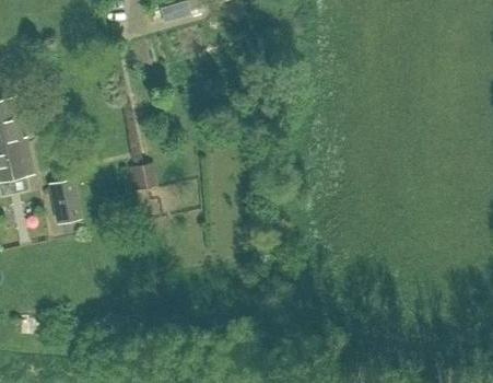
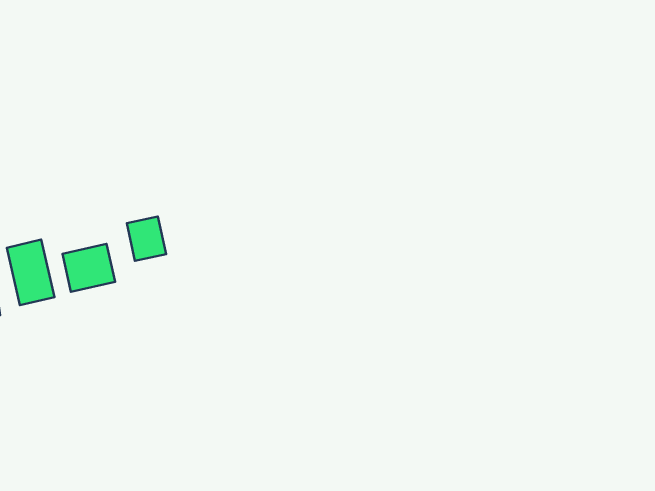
building: none -> [62,244,115,292]

